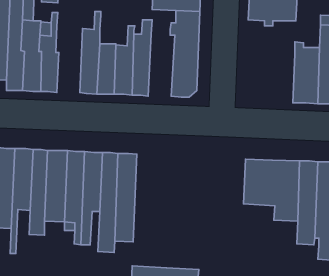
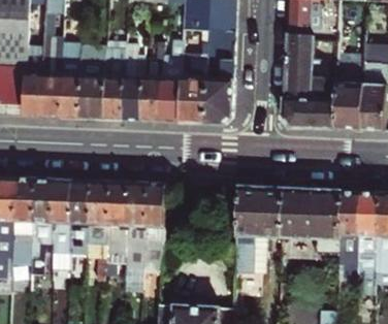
building: none -> [284,38,337,128]
building: none -> [78,44,107,117]
building: none -> [179,48,207,121]
building: none -> [234,187,284,274]

